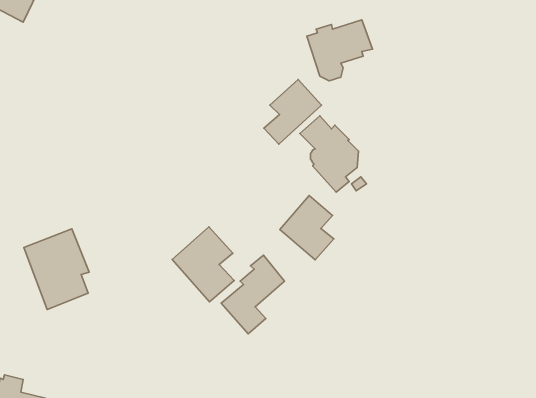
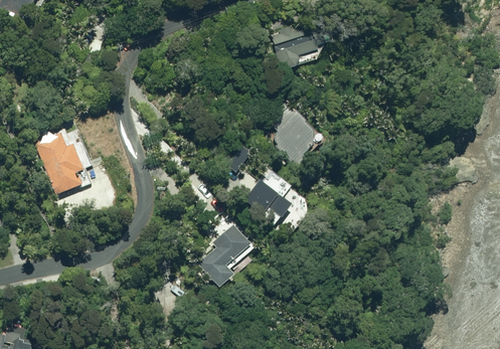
building: [264,80,322,144] -> none
building: [172,227,234,302] -> none
building: [24,229,89,310] -> [34,127,91,196]

